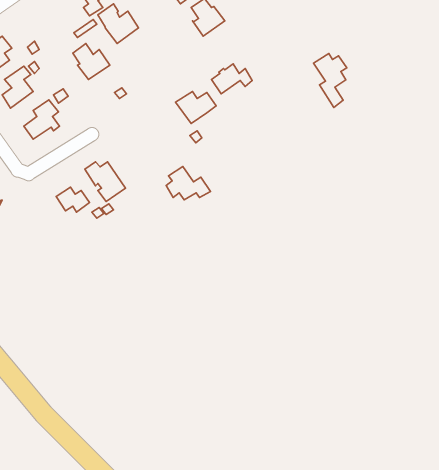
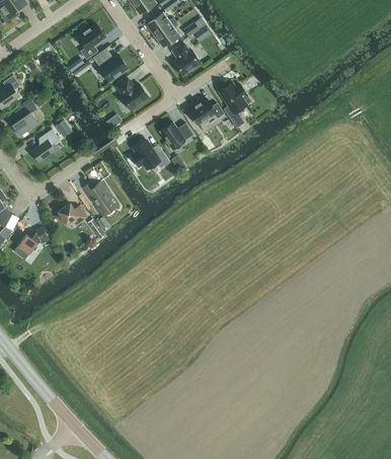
building: [73,44,110,79] -> [116,78,148,108]
building: [313,54,347,107] -> [219,82,247,128]
building: [166,166,210,200] -> [132,140,169,168]
building: none -> [17,227,49,253]

